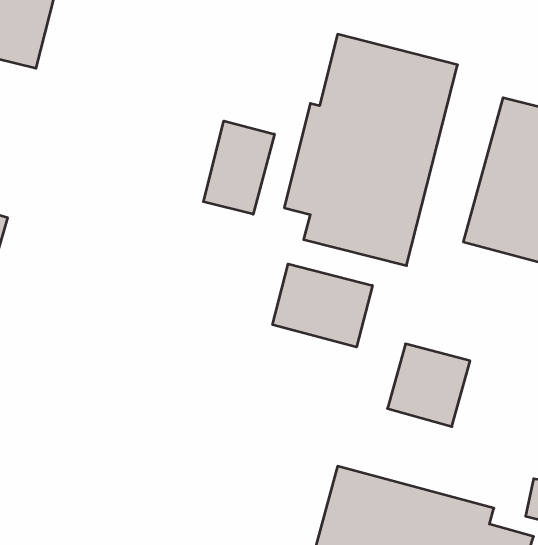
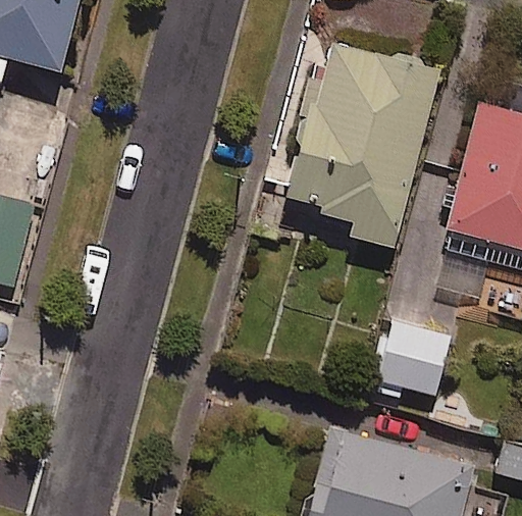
building: [203,121,274,214] -> none
building: [273,264,372,347] -> none

